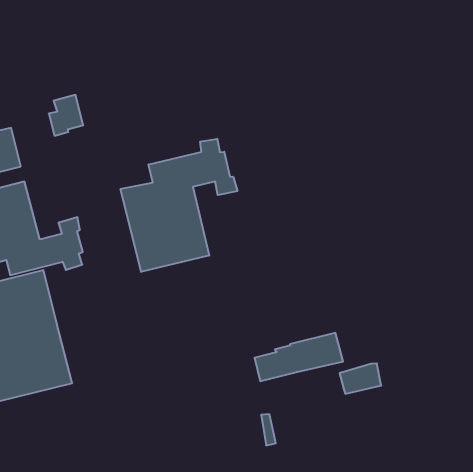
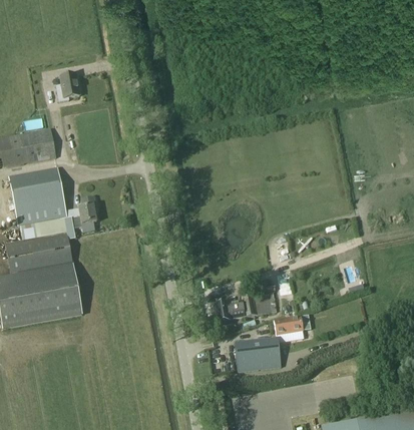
building: [49,95,83,136] -> [55,74,79,102]
building: [121,139,237,272] -> none
building: none -> [235,339,281,372]

